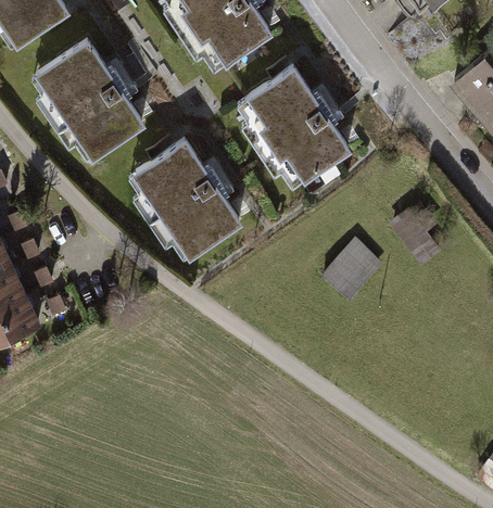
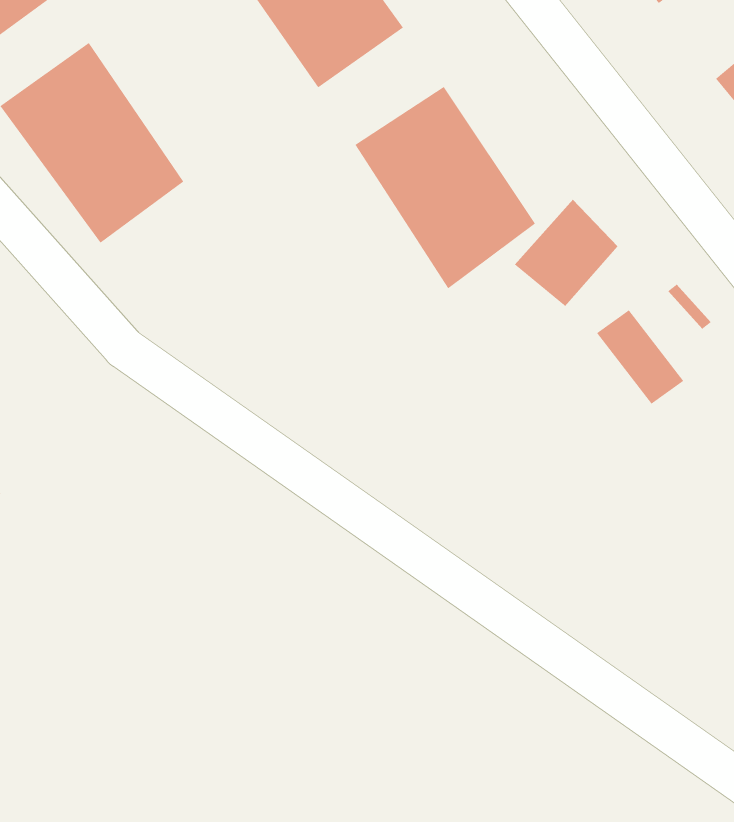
building: [135,143,241,264] -> none
building: [319,230,381,294] -> [514,199,618,307]

